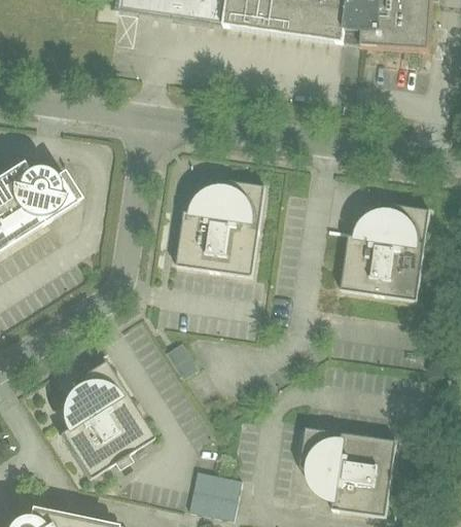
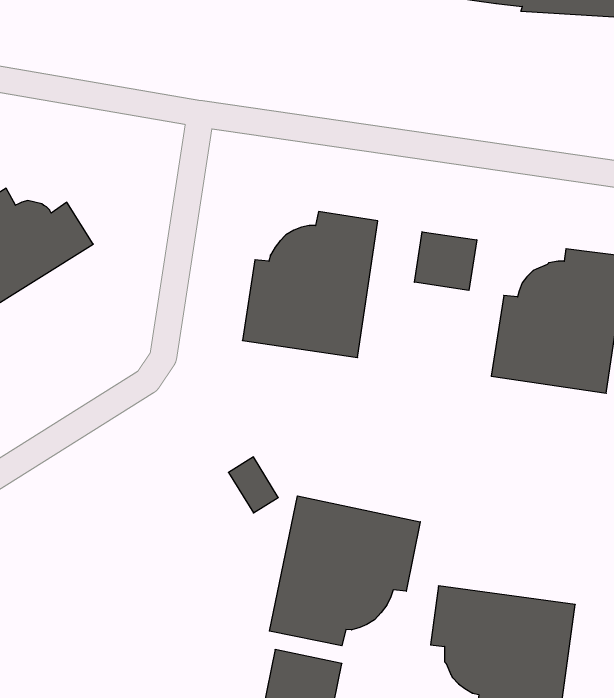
building: none -> [414,232,477,290]
building: [58,358,151,477] -> none
building: none -> [269,496,420,646]

